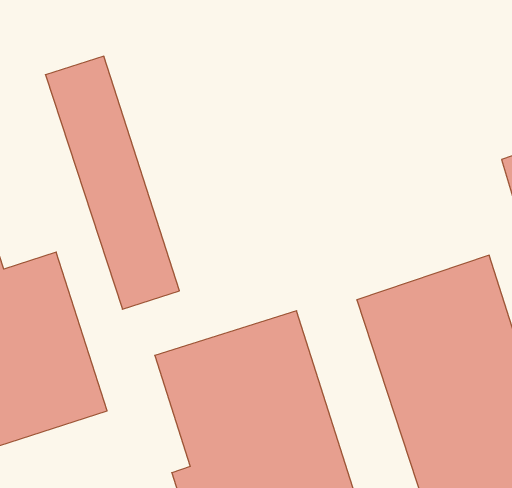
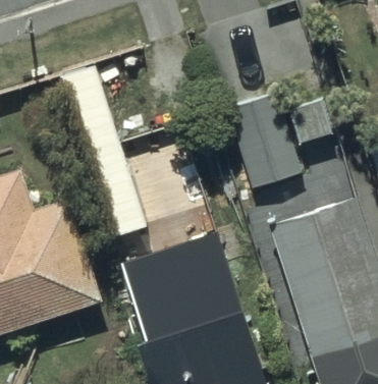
building: none -> [228,93,332,193]

